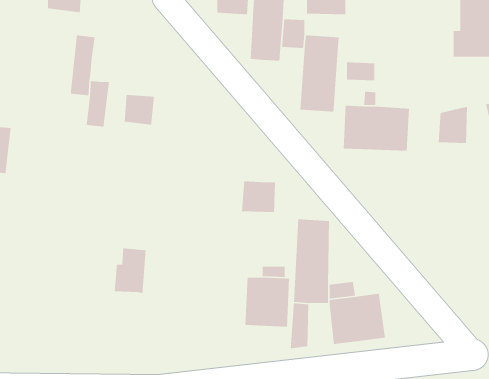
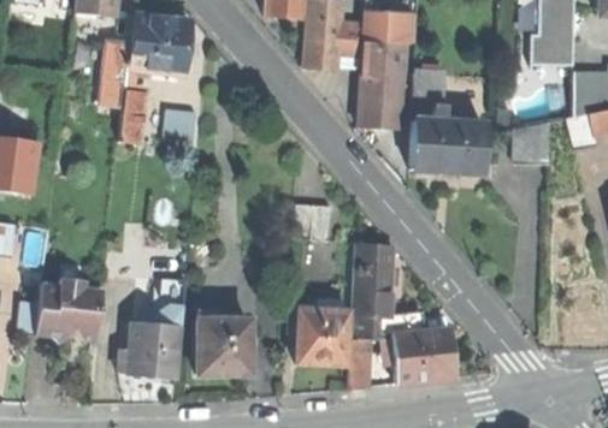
building: none -> [128,16,190,72]
building: none -> [36,281,102,345]
building: none -> [199,308,250,374]
building: none -> [129,323,178,379]

